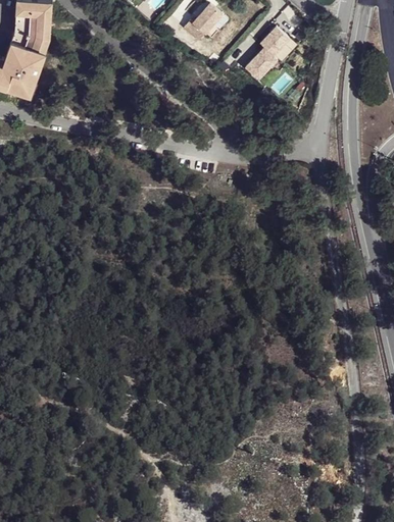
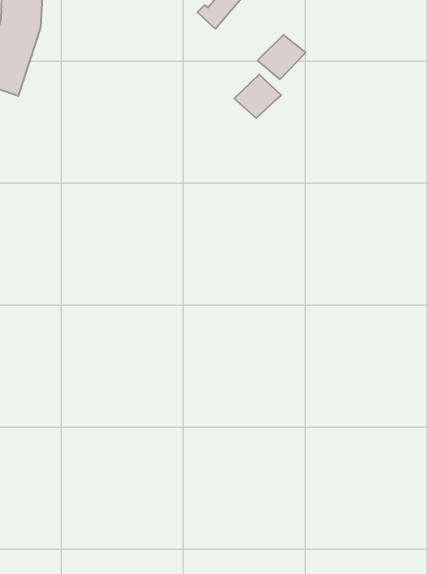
building: [258,24,294,59] -> none
building: none -> [234,74,281,118]

